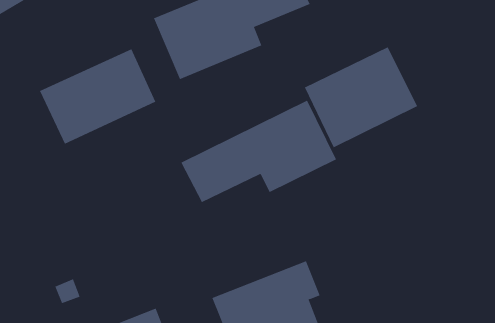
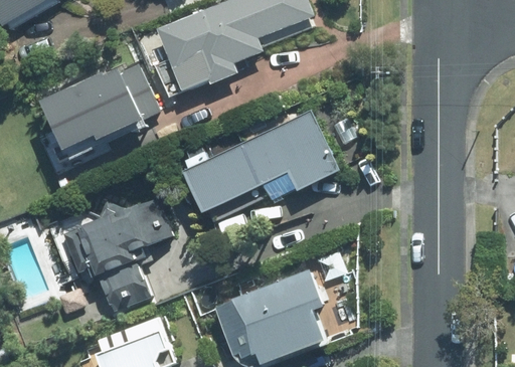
building: [304,47,418,148] -> none
building: none -> [65,198,171,314]

